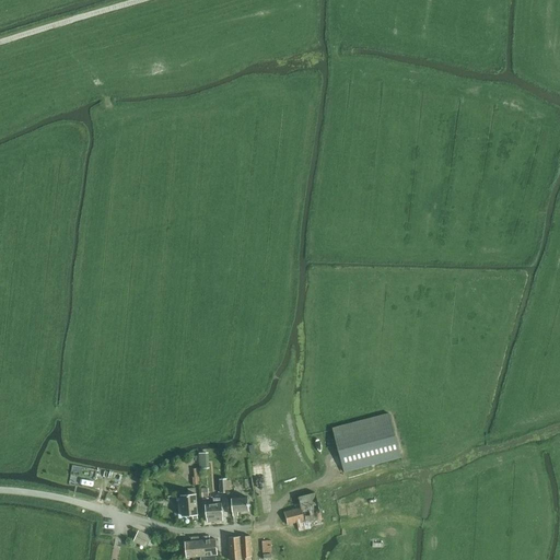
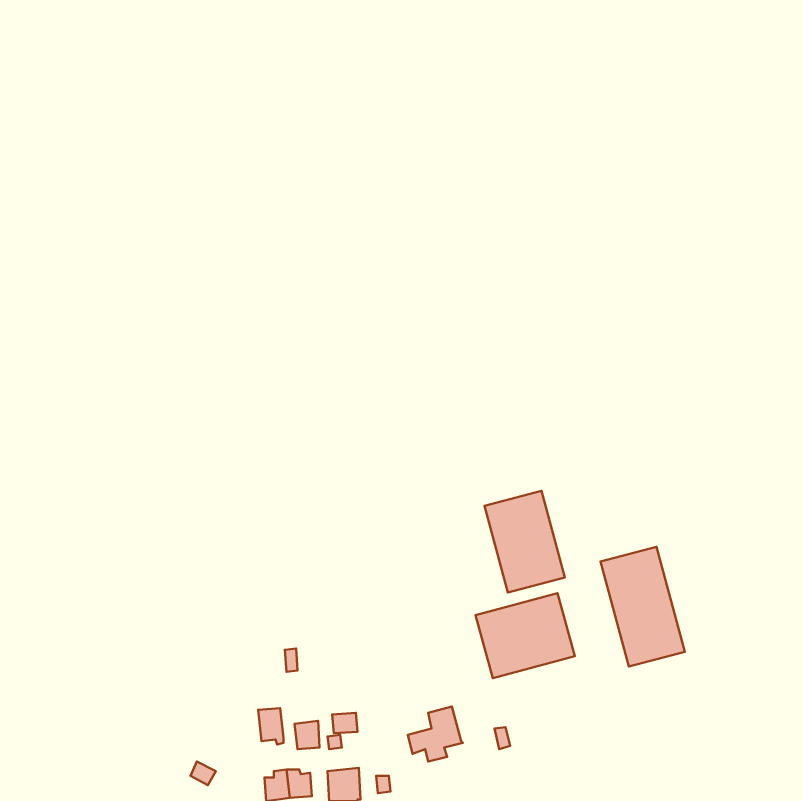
building: none -> [484,491,565,593]
building: none -> [600,547,685,667]

